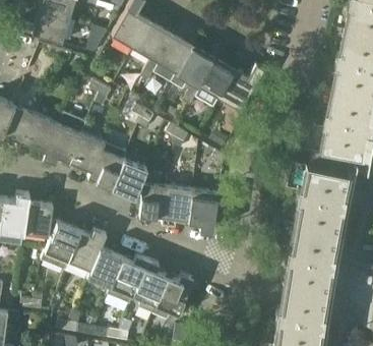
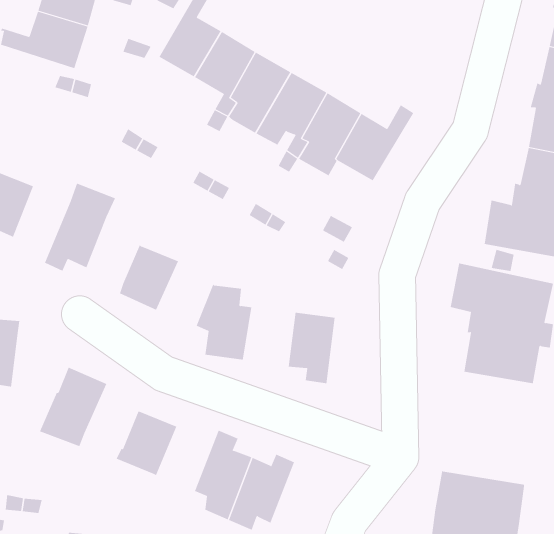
building: [26,114,60,160] -> none
building: [70,132,106,172] -> none
building: [112,159,148,197] -> none
building: [163,186,194,228] -> none
building: [25,201,59,237] -> none
building: [282,225,337,292] -> none
building: [69,230,108,271] -> none
building: [109,255,148,303] -> none

